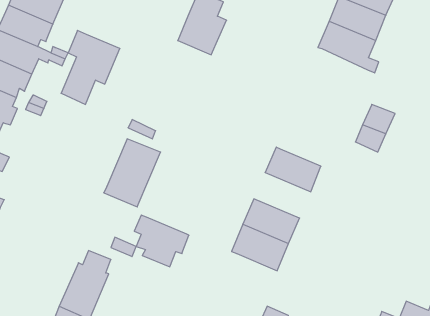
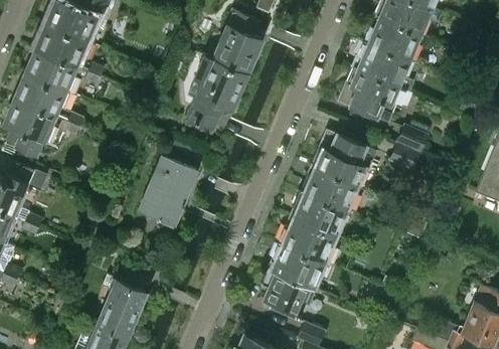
building: [61,30,120,104] -> [189,57,247,131]
building: none -> [338,68,402,124]
building: none -> [312,133,373,187]
building: none -> [290,192,346,237]
building: [134,215,189,267] -> [261,271,315,322]

